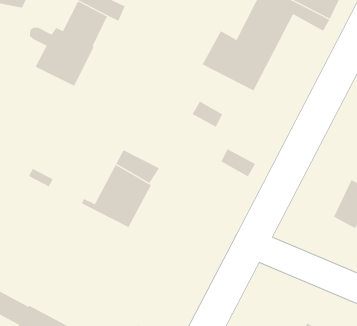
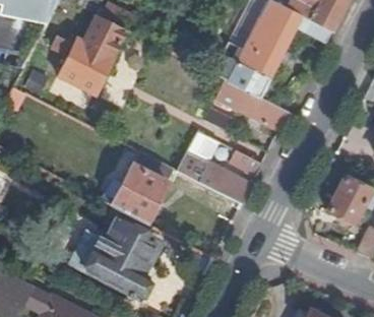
building: none -> [214,78,288,131]
building: none -> [178,130,251,202]
building: none -> [87,217,159,297]

